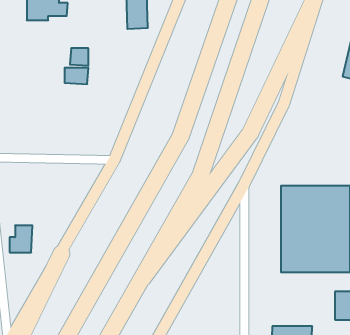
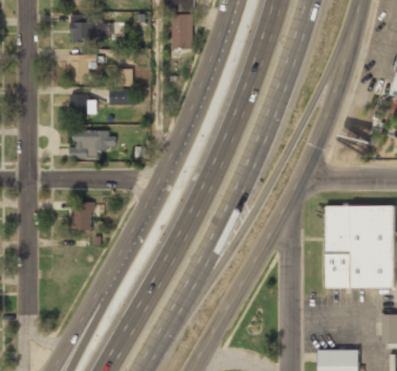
building: none -> [67,53,96,81]
building: none -> [69,94,96,119]
building: none -> [69,131,115,157]
building: [10,225,32,252] -> [69,202,92,229]

